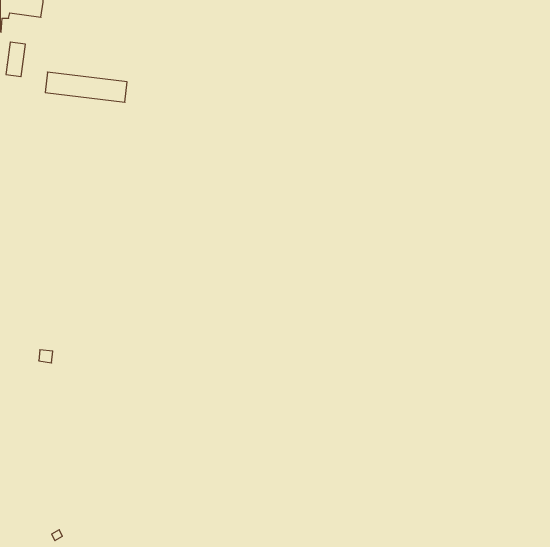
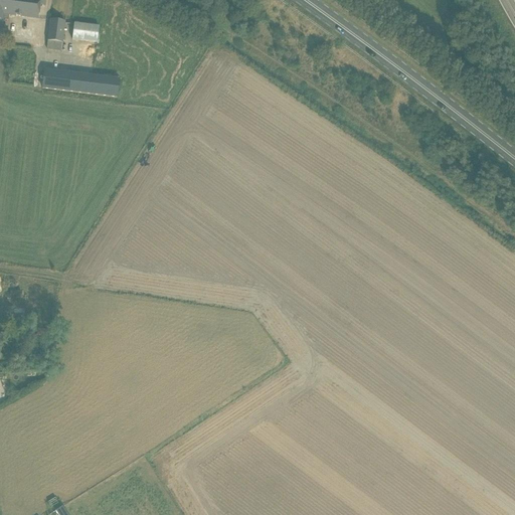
building: none -> [72,21,99,40]
building: [6,42,25,77] -> [47,17,65,49]

